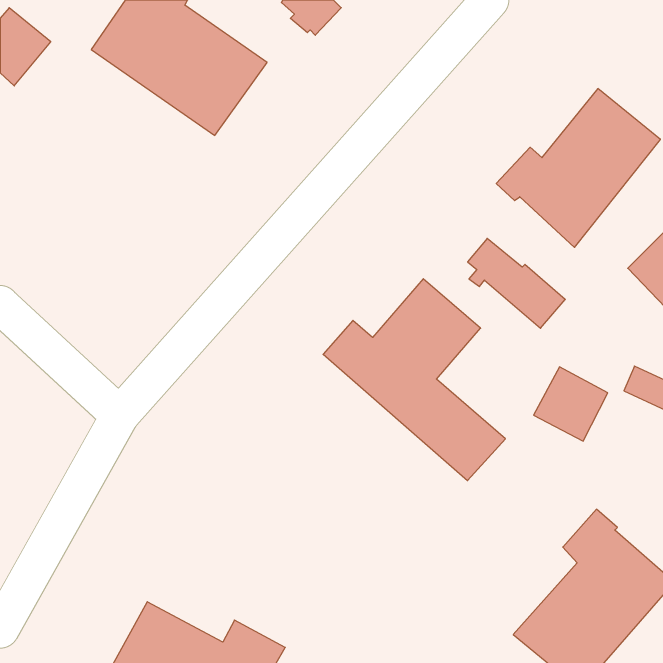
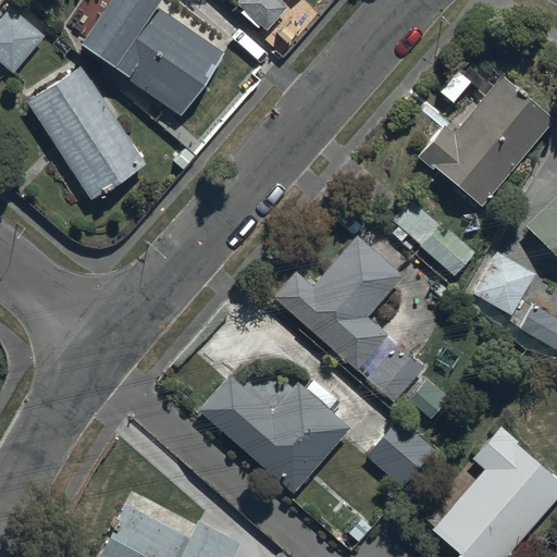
building: none -> [25,65,145,200]
building: [534,367,608,441] -> [472,252,534,314]
building: none -> [197,374,351,494]
building: none -> [367,419,434,486]

